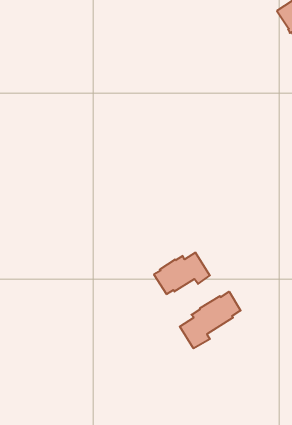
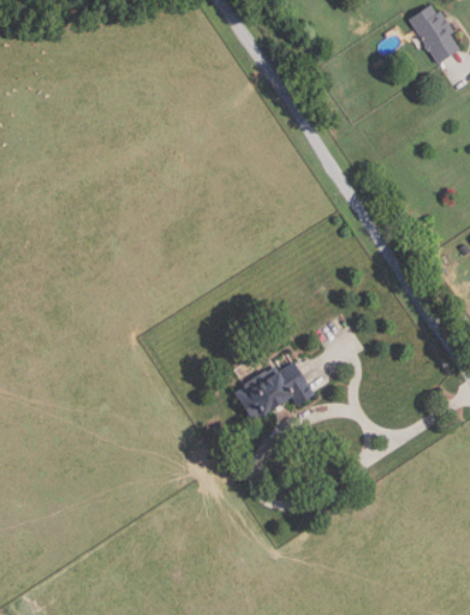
building: [180,292,241,348] -> none

